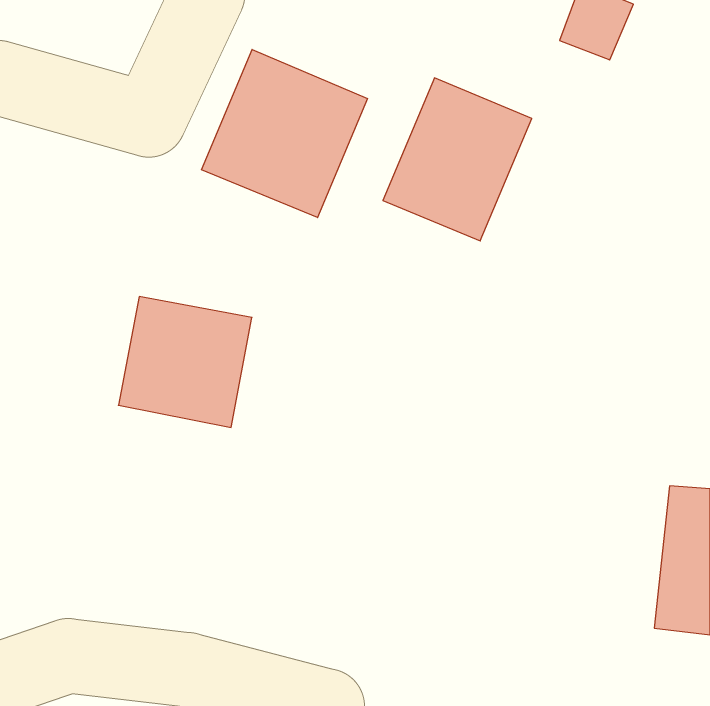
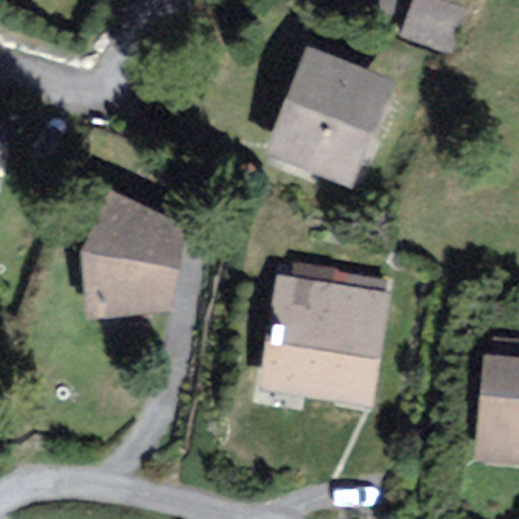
building: [202,49,367,218] -> none
building: none -> [269,274,383,398]

